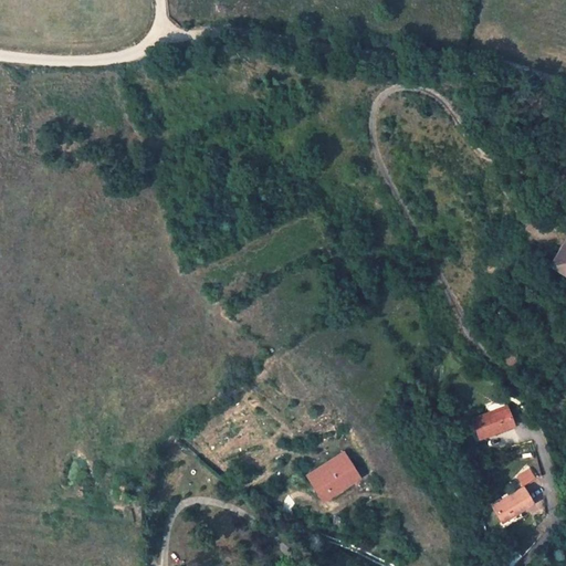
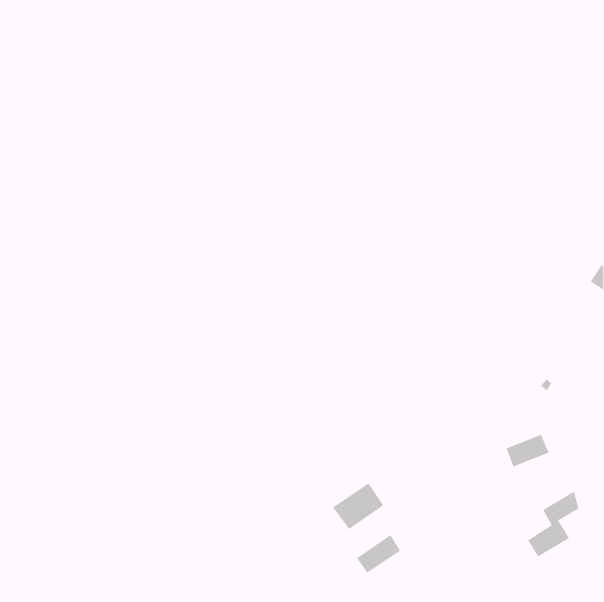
building: none -> [356,534,401,574]

